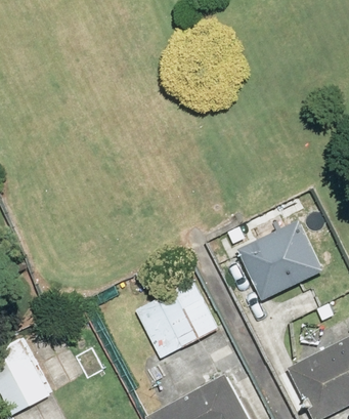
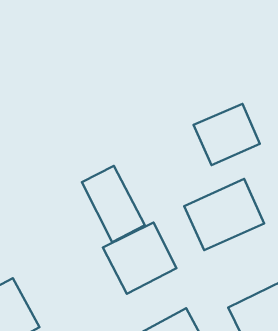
building: none -> [193,104,260,165]
building: none -> [82,166,145,242]

